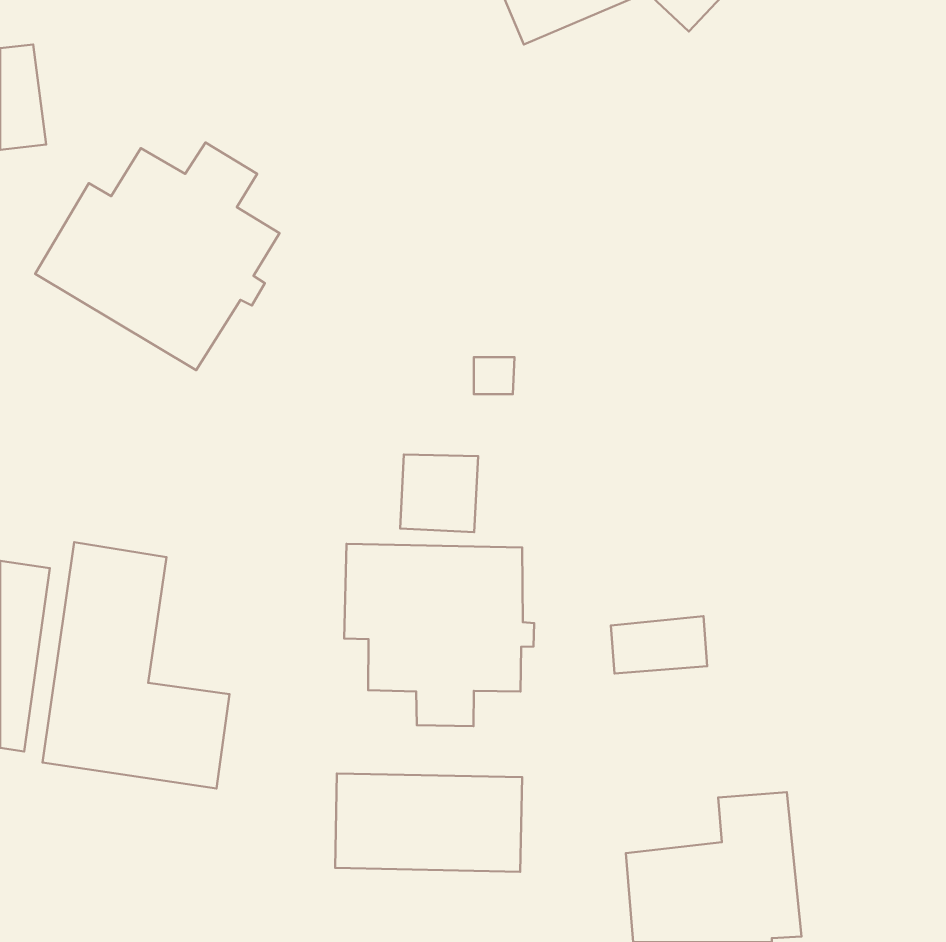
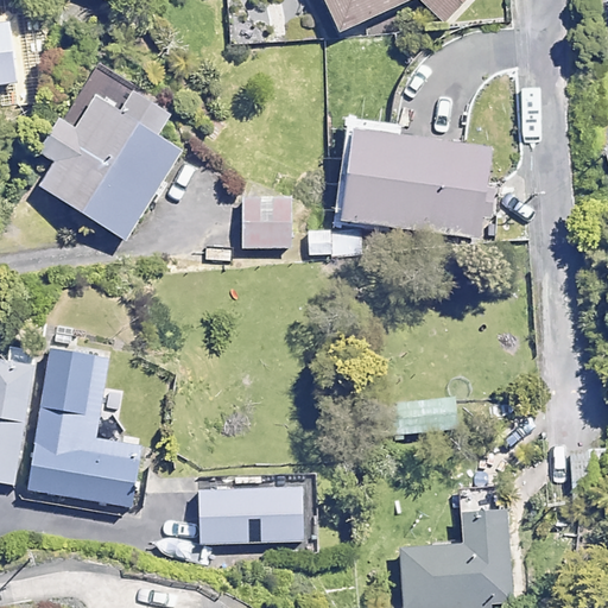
building: none -> [331,126,490,236]
building: [400,454,478,532] -> [241,197,291,247]
building: [344,544,534,726] -> none

